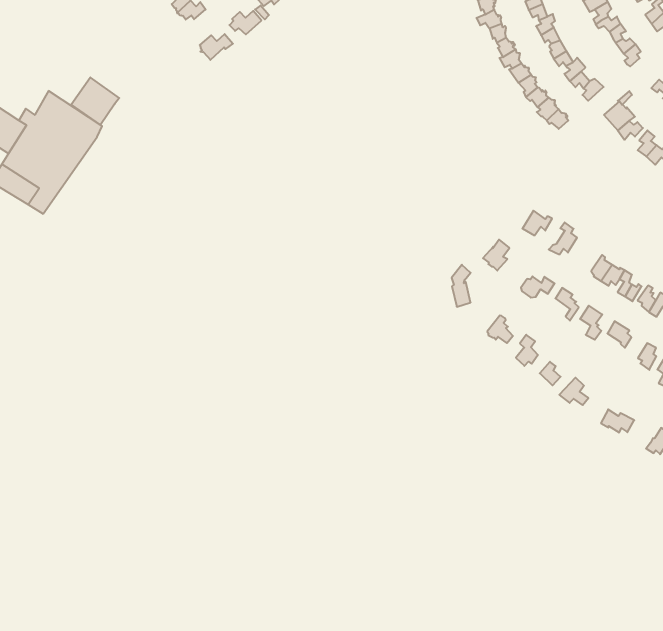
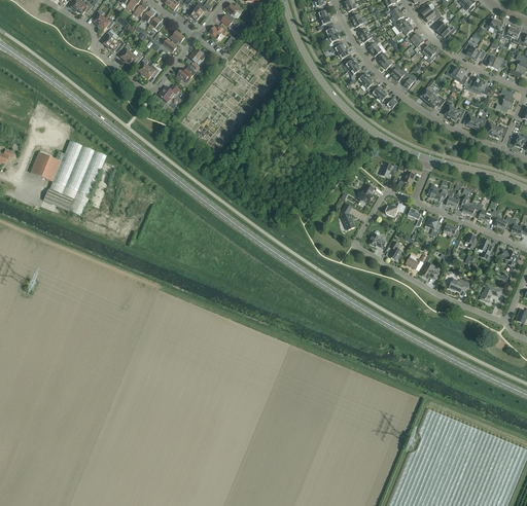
building: [71,77,119,125] -> none

